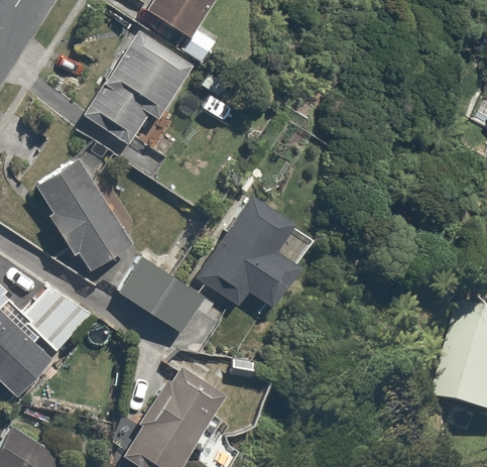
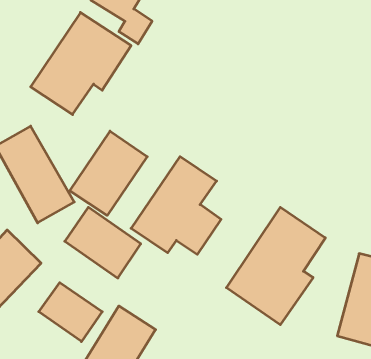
building: none -> [70,131,147,215]
building: none -> [226,207,325,325]
building: none -> [39,283,102,342]

